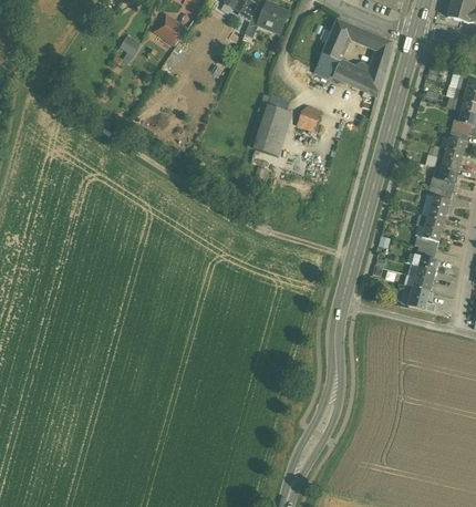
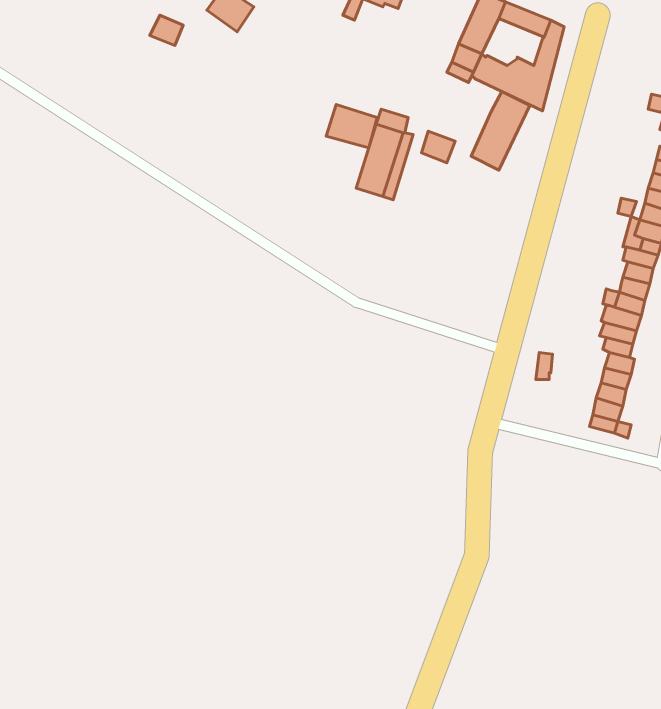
building: none -> [471,92,530,170]
building: none -> [326,104,377,148]

